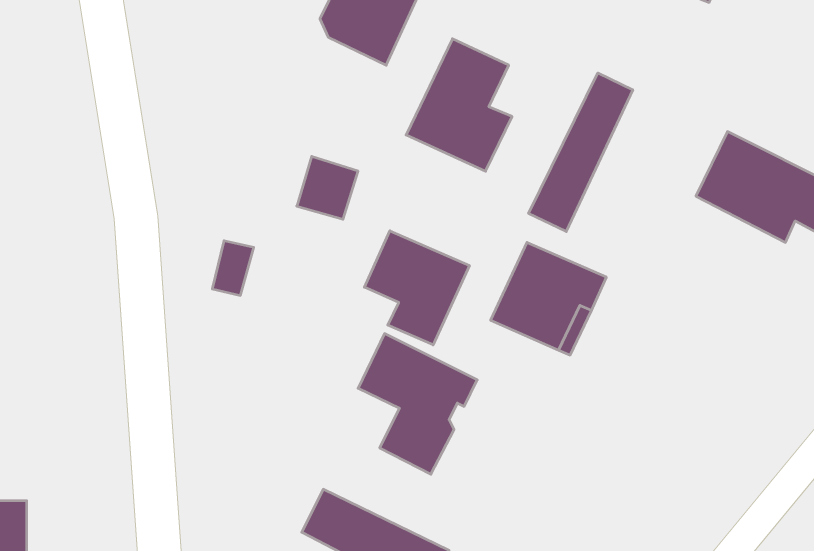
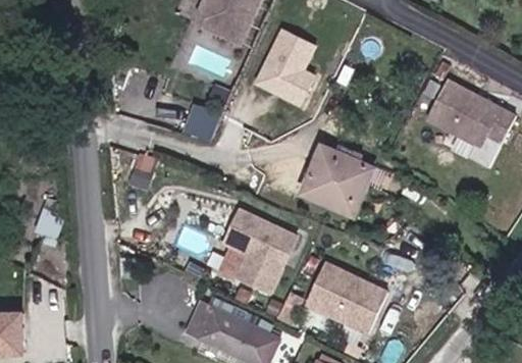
building: [529,73,633,232] -> none
building: [364,231,469,345] -> none
building: none -> [303,261,384,332]

